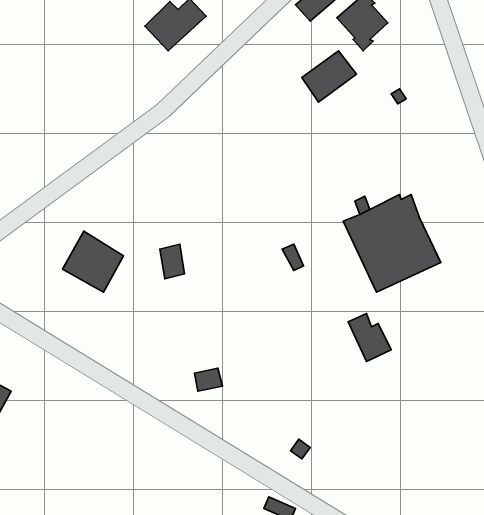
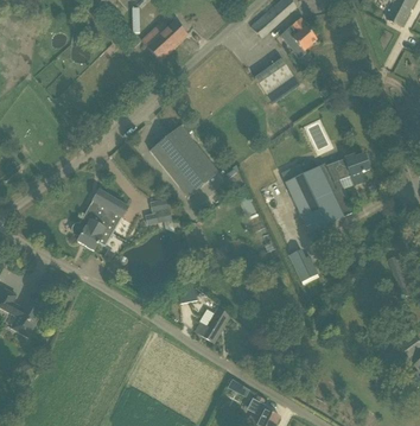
building: none -> [152,125,210,184]
building: none -> [333,153,369,184]
building: none -> [72,215,106,249]
building: none -> [196,306,230,341]

